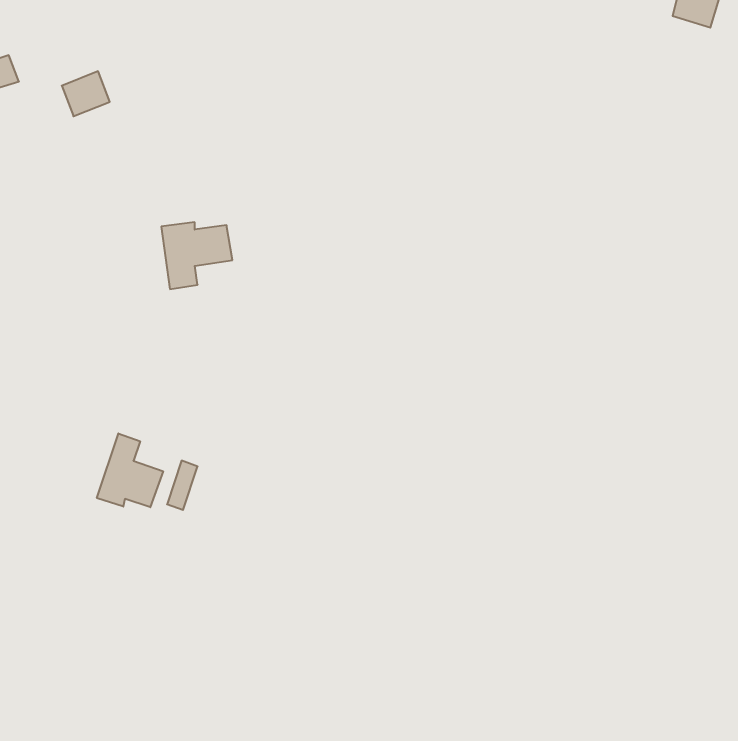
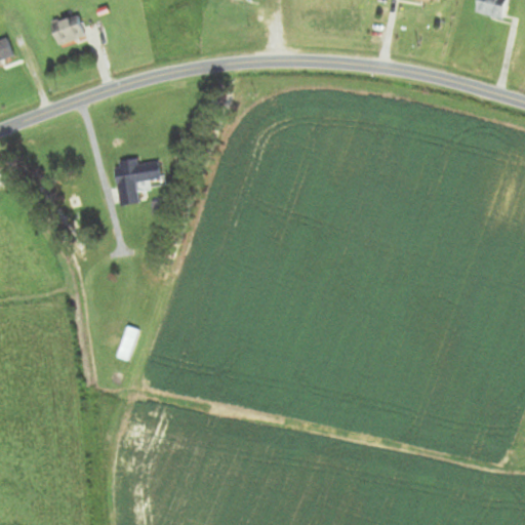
building: [62,71,110,116] -> [51,14,85,46]
building: [97,433,163,507] -> none

